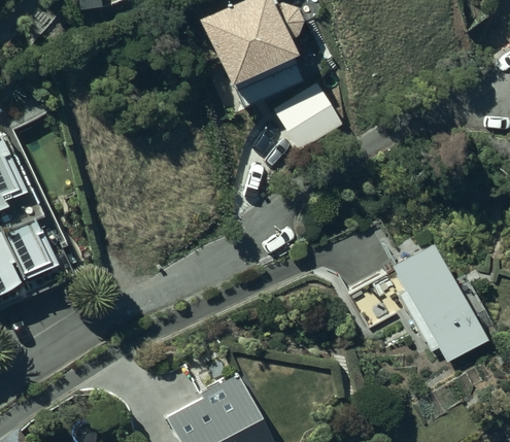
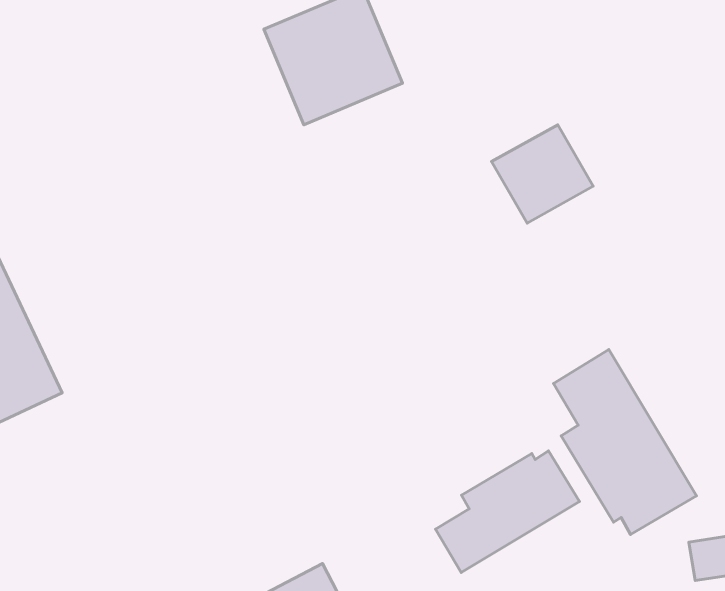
building: [270,79,338,145] -> [492,125,593,223]
building: none -> [436,451,580,572]

